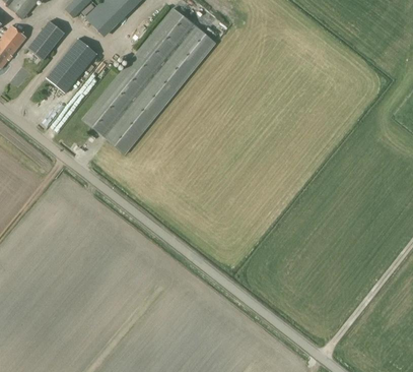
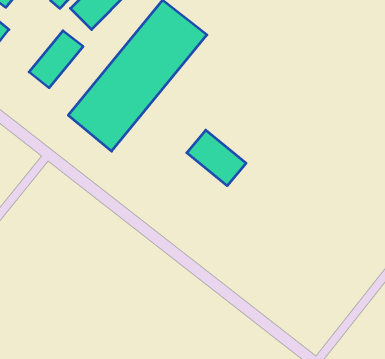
building: [27,20,64,59] -> none
building: none -> [187,130,246,186]

